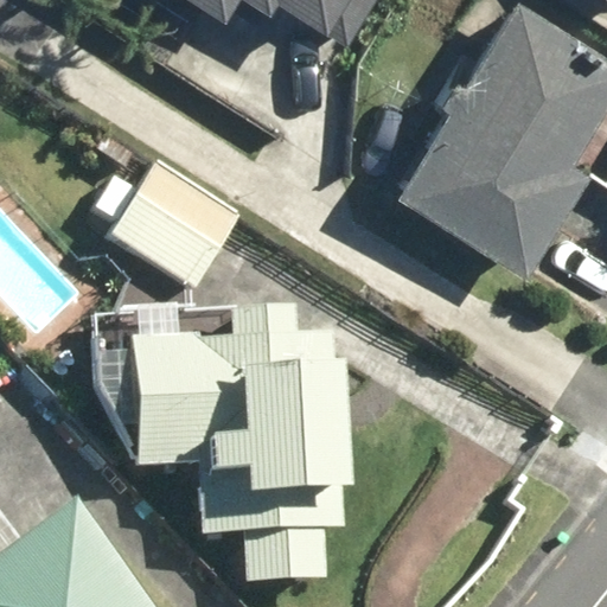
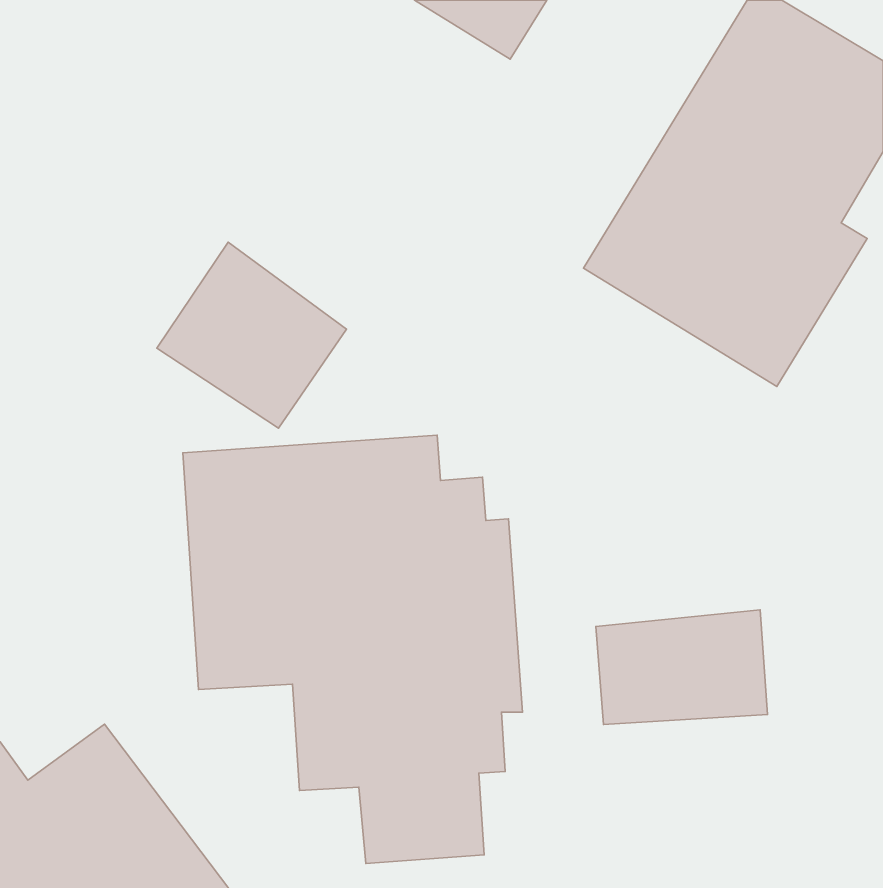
building: none -> [596,610,767,724]

